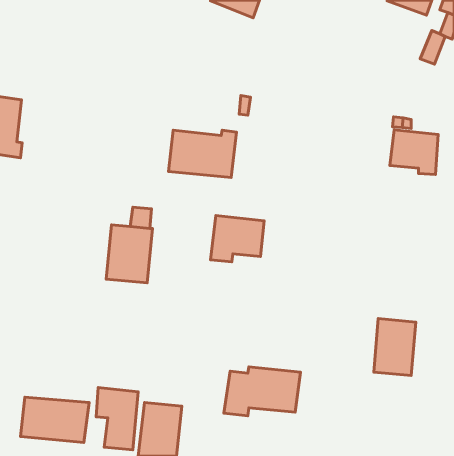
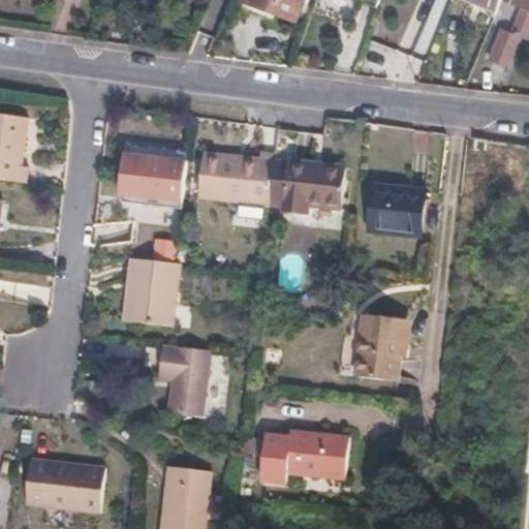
building: none -> [125,144,185,201]
building: [390,130,438,175] -> [369,184,425,236]
building: [211,215,264,262] -> [279,158,341,212]
building: [374,319,416,376] -> [355,314,404,380]
building: [96,388,138,450] -> [157,347,206,419]

